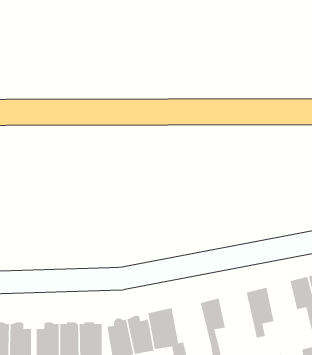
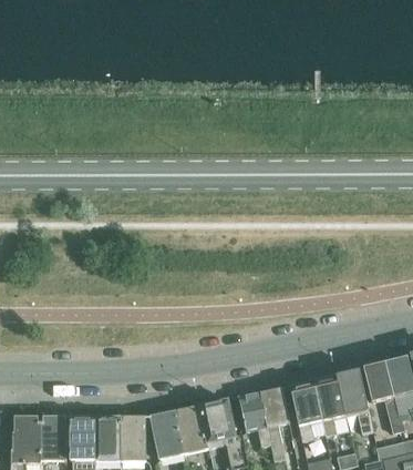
building: none -> [338,370,373,435]
building: none -> [290,381,322,441]
building: none -> [239,394,272,447]

